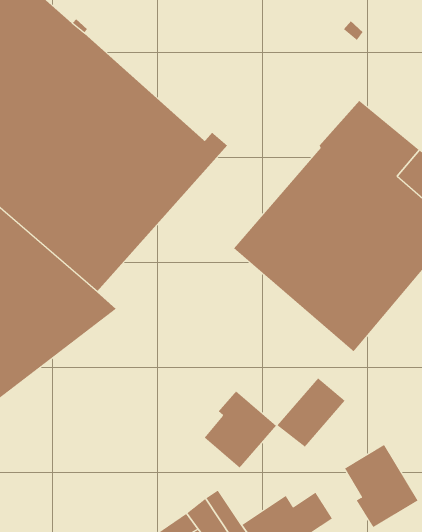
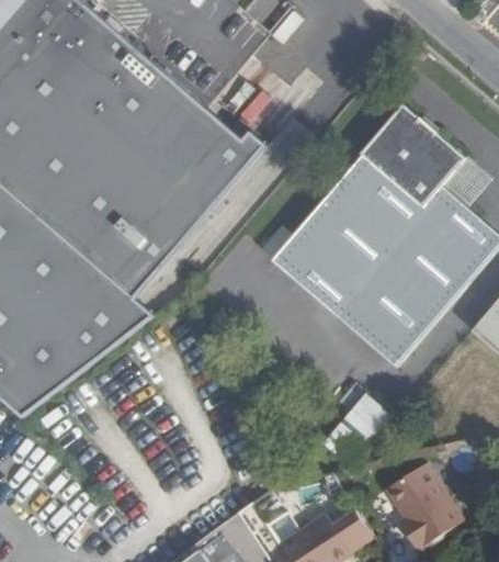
building: [204,390,277,469] -> none

